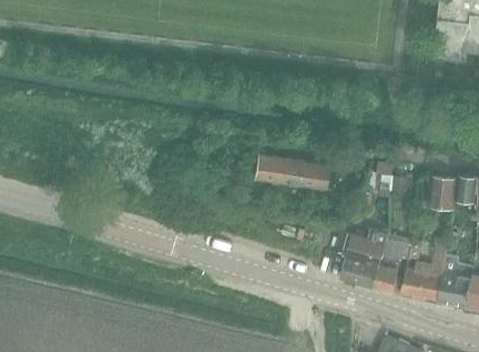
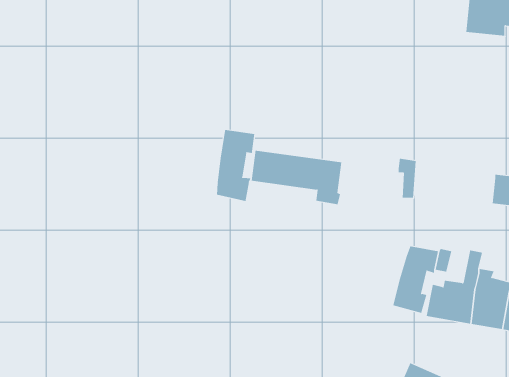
building: none -> [217,129,255,202]
building: [428,177,458,211] -> none
building: [335,230,388,286] -> none

